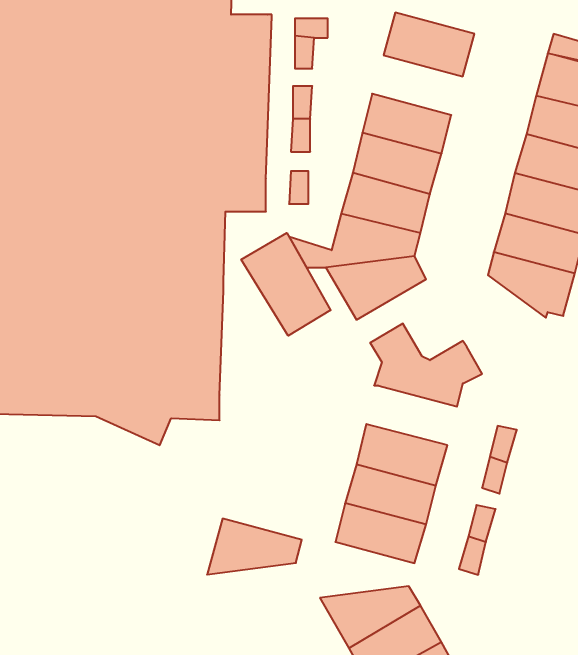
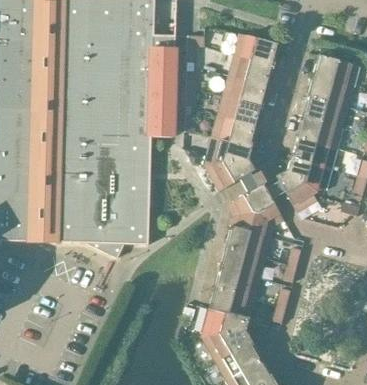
building: none -> [227,56,274,87]
building: [241,233,331,336] -> none
building: none -> [275,170,318,214]
building: none -> [243,184,274,214]
building: none -> [224,227,271,258]
building: [207,519,302,575] -> [200,308,249,337]

